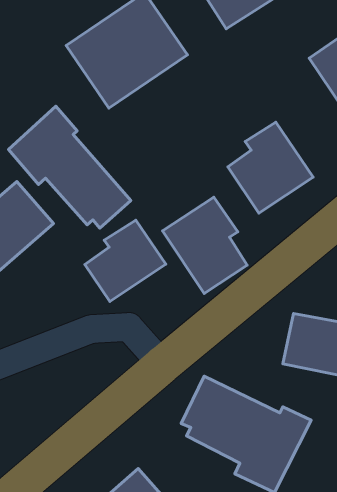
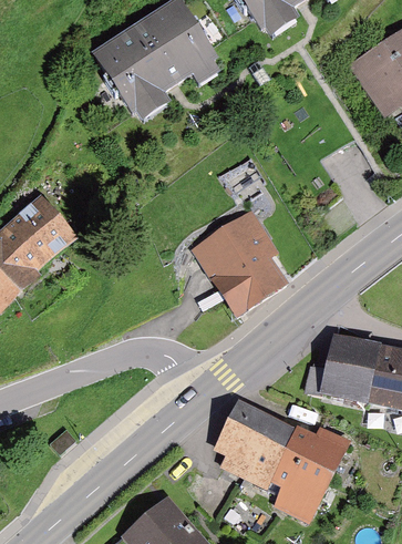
building: [9,106,131,228] -> none
building: [228,122,313,213] -> none
building: [85,220,166,302] -> none

